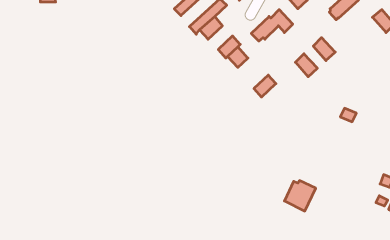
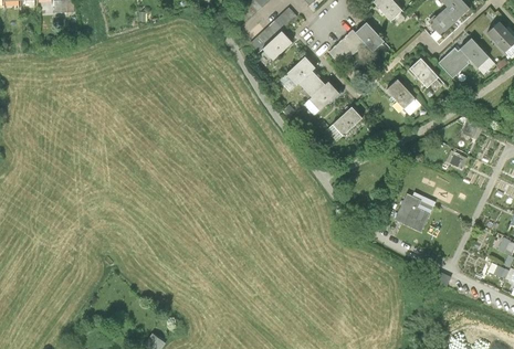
building: none -> [439,39,495,78]
building: none -> [308,82,339,112]
building: [284,181,316,211] -> [395,193,436,233]

